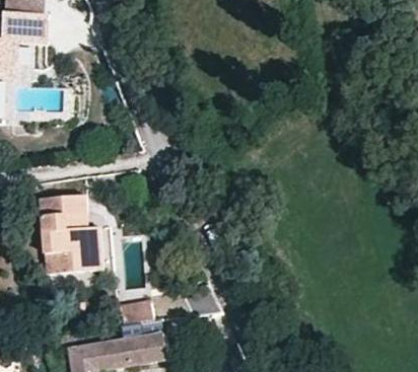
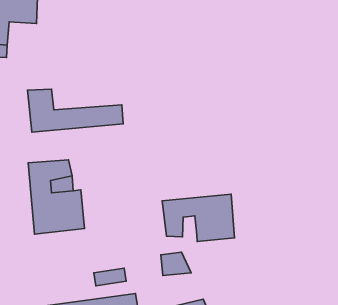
building: none -> [28,89,123,132]
building: none -> [162,194,235,241]

